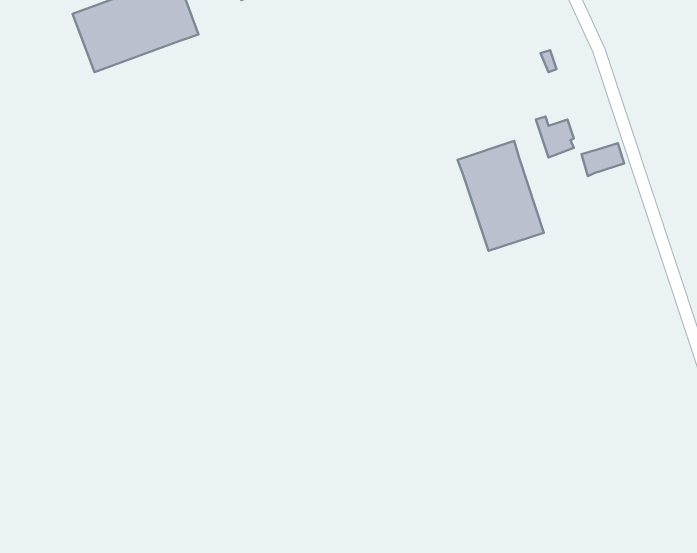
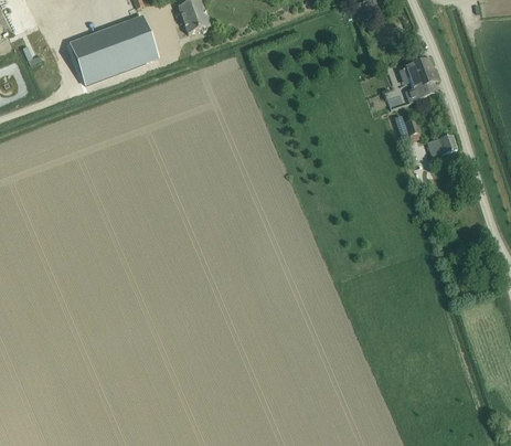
building: none -> [405,56,437,100]
building: [458,141,544,251] -> none

